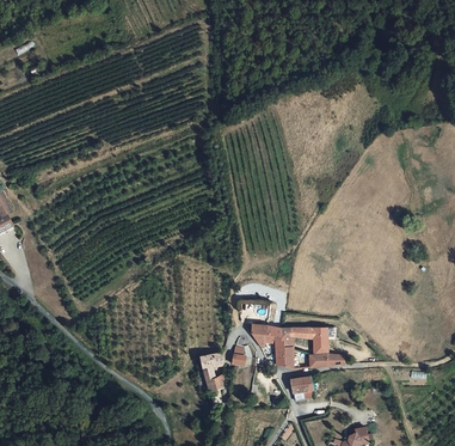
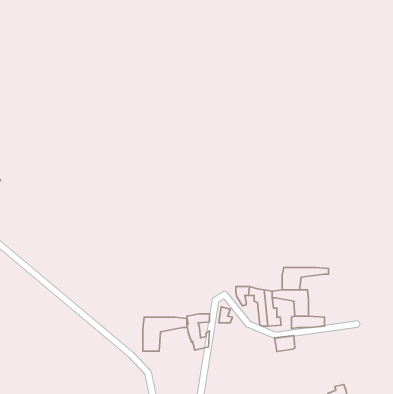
building: none -> [282,267,328,290]
building: none -> [143,317,187,351]

